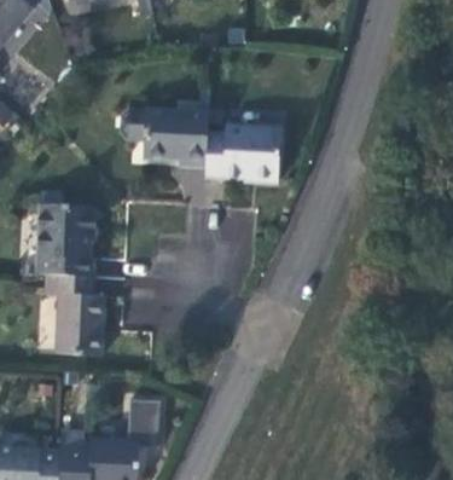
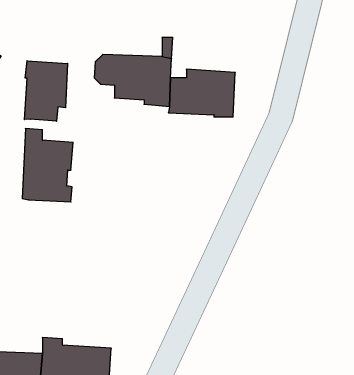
building: none -> [24,61,68,121]
building: [45,274,104,357] -> none
building: [124,398,159,435] -> none

